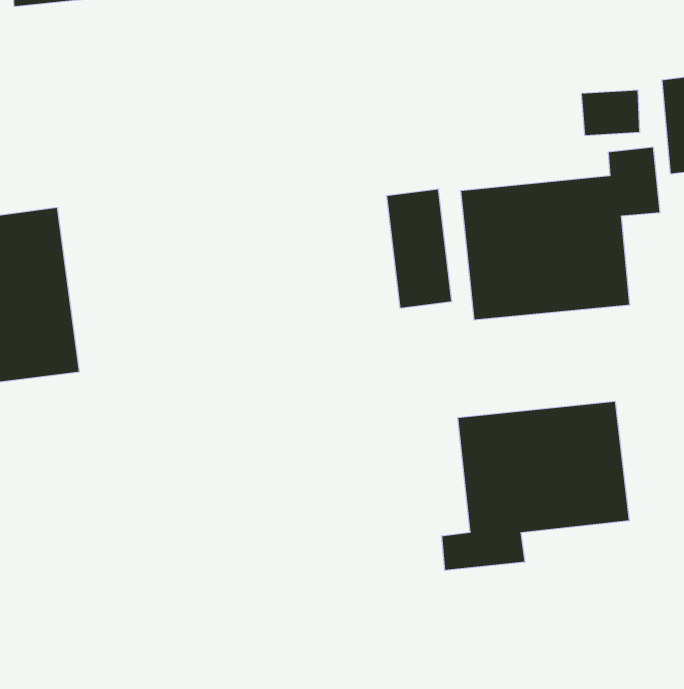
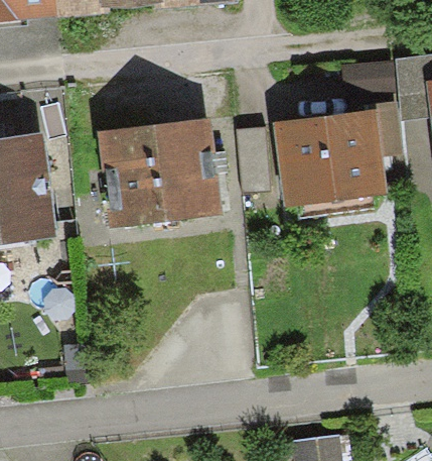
building: none -> [109,125,219,226]
building: [442,401,629,571] -> none

